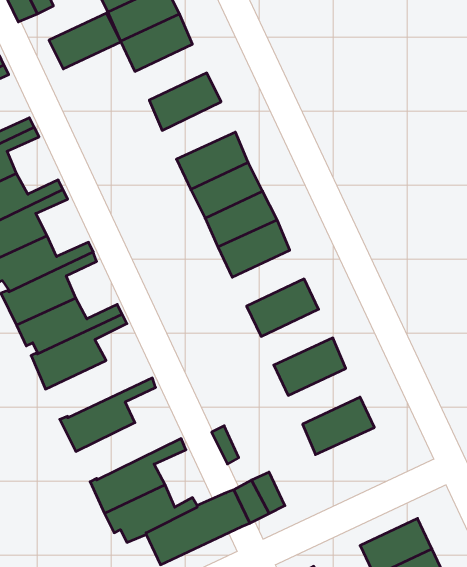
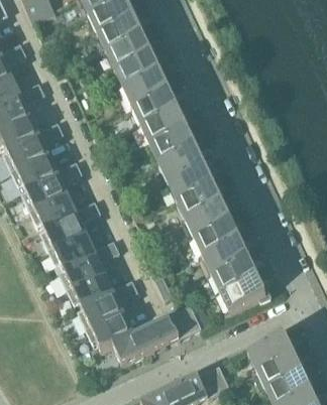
building: [49,13,121,69] -> [107,35,152,71]
building: none -> [124,72,171,108]
building: none -> [169,165,214,200]
building: none -> [187,202,232,238]
building: none -> [50,235,118,271]
building: none -> [204,240,249,275]
building: none -> [70,274,136,310]
building: none -> [221,277,267,313]

